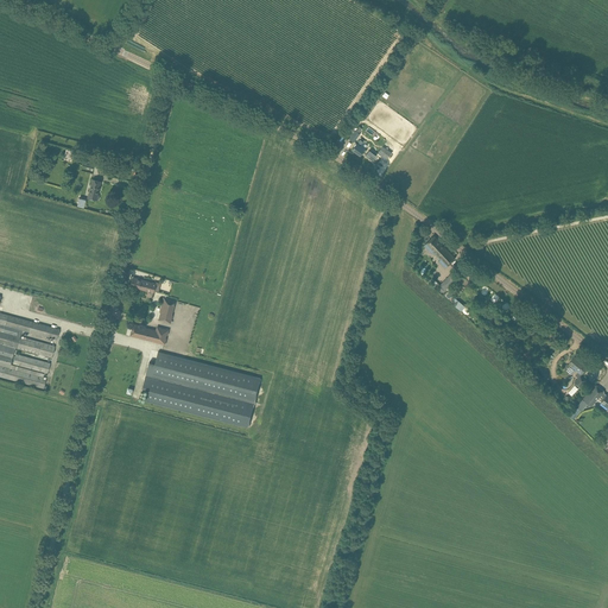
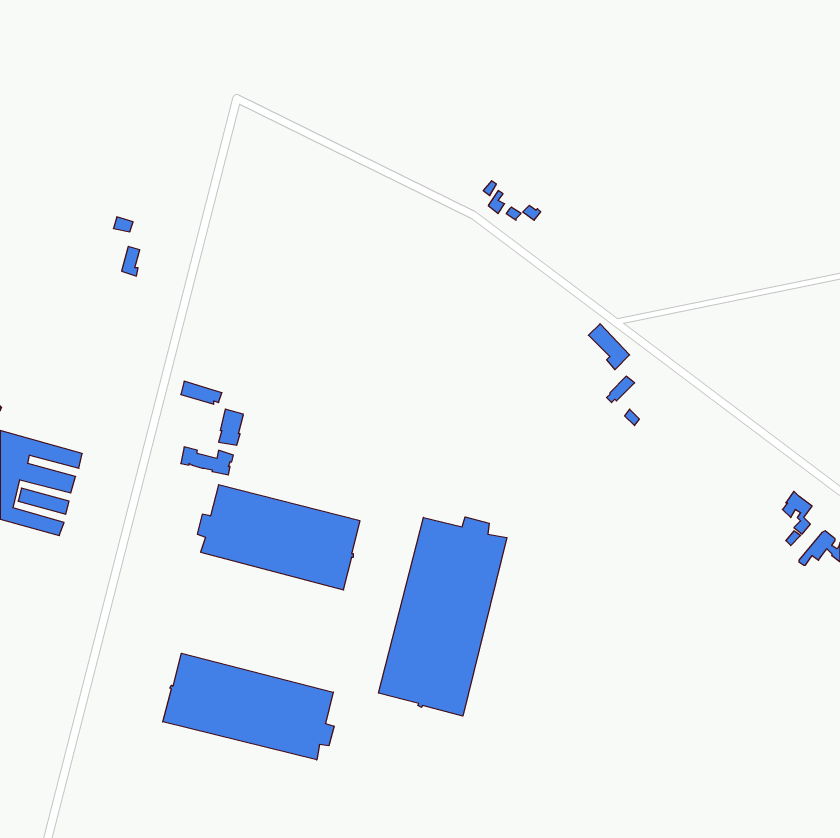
building: none -> [378,517,507,716]
building: none -> [163,653,334,760]

